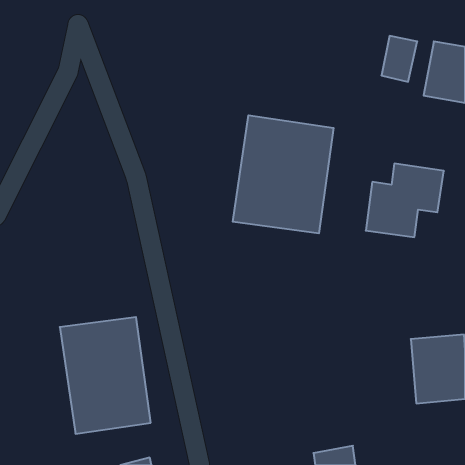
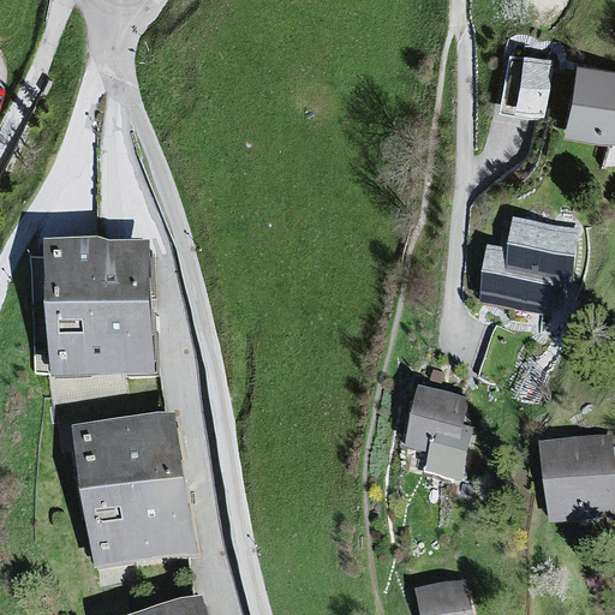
building: [233,115,334,233] -> none
building: none -> [52,237,156,374]
building: none -> [401,390,468,480]

